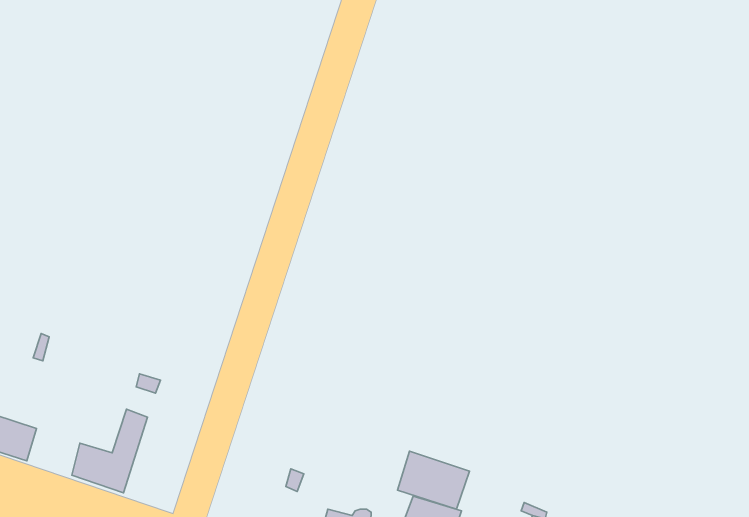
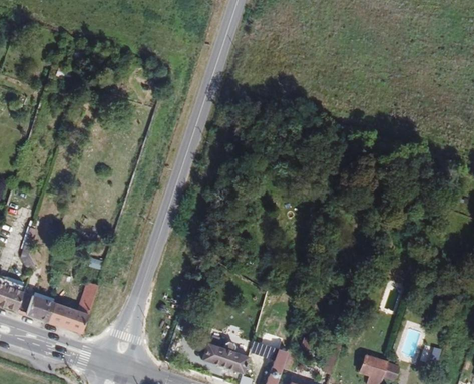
building: none -> [20,292,53,321]
building: [398,451,470,509] -> none

